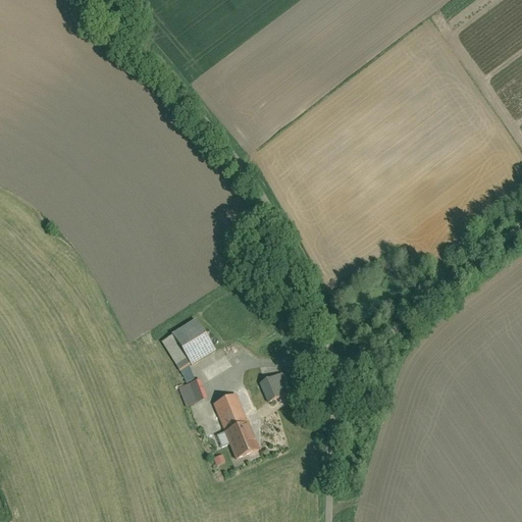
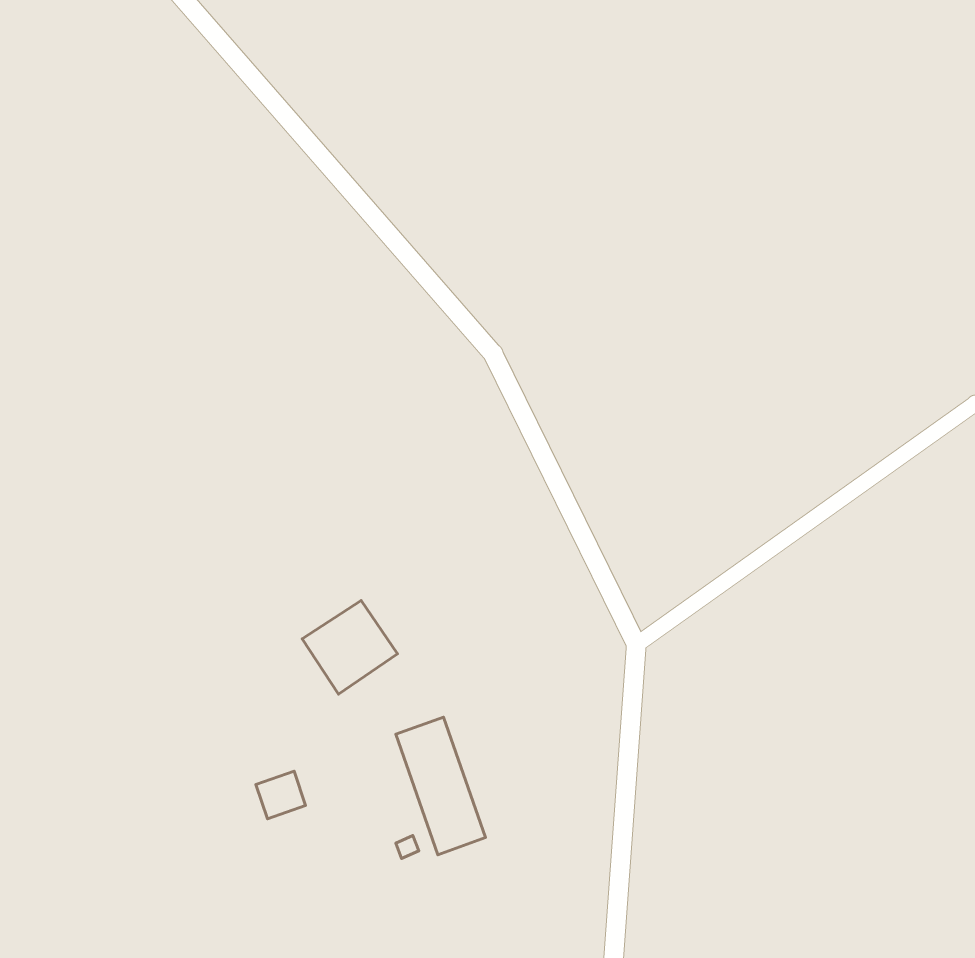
building: [259,373,289,401] -> none
building: [178,379,205,405] -> [256,771,306,819]

